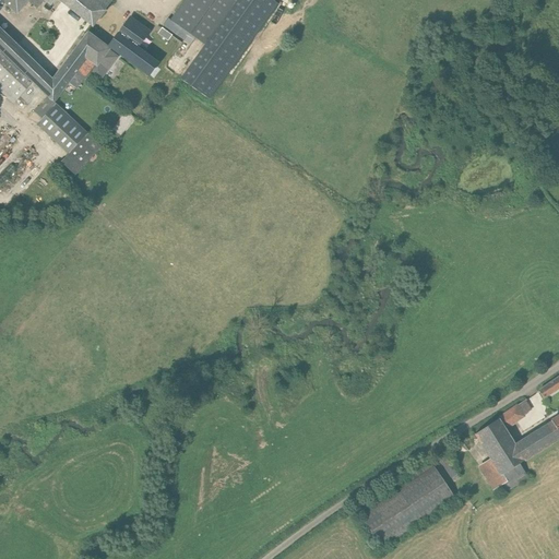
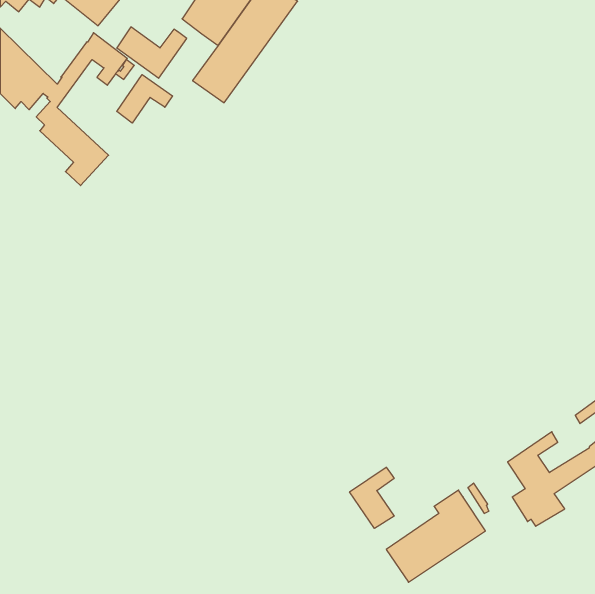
building: none -> [117,75,173,123]
building: none -> [350,467,394,528]

